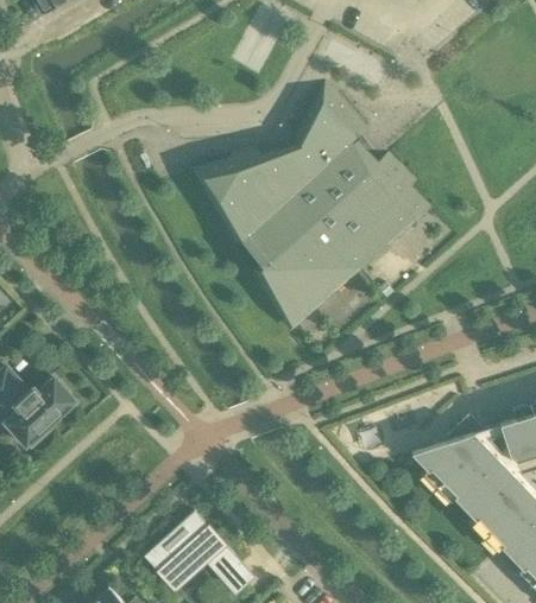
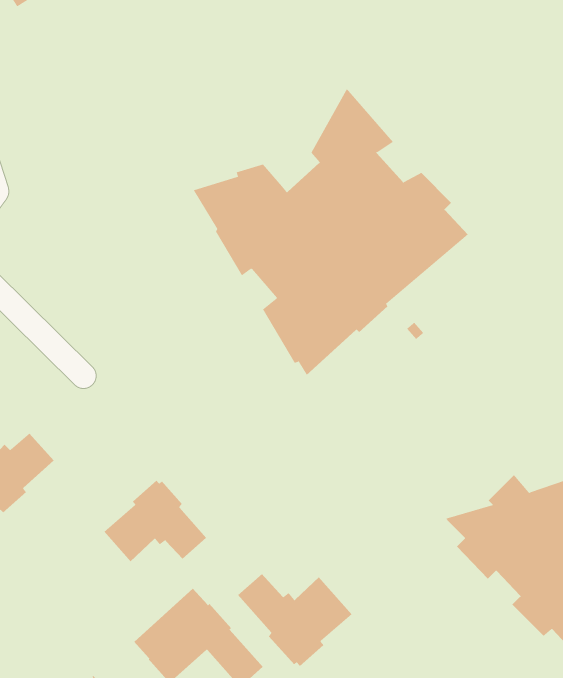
building: none -> [103,480,207,562]
building: none -> [237,573,353,667]

